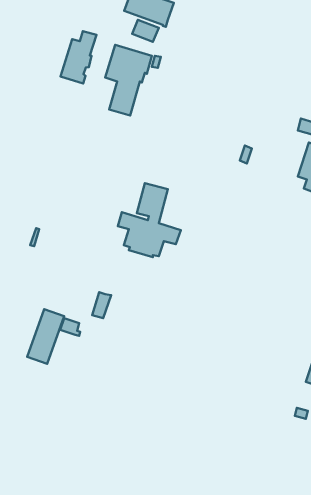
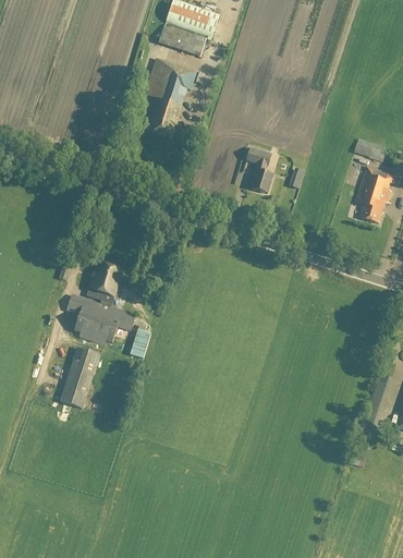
building: [61,31,96,83] -> none
building: none -> [246,148,272,194]
building: [118,183,181,257] -> [66,264,135,344]

